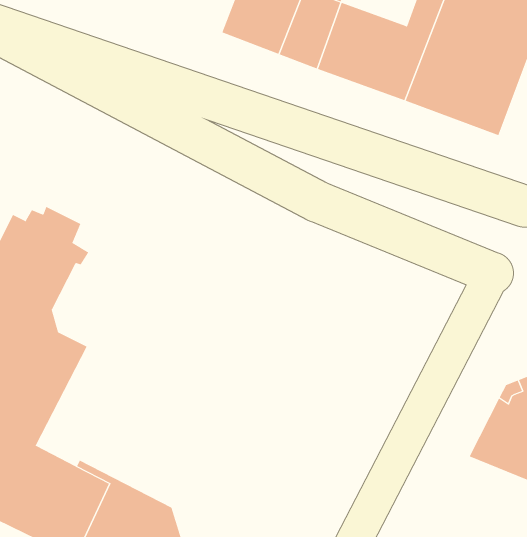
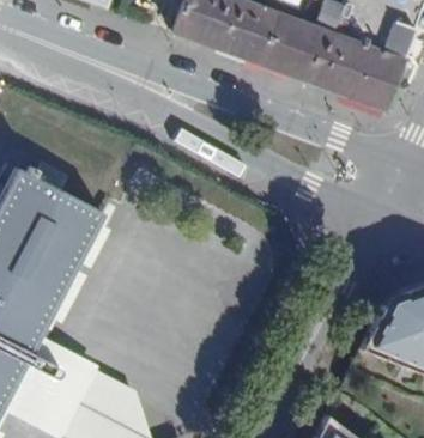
building: none -> [48,199,107,270]

